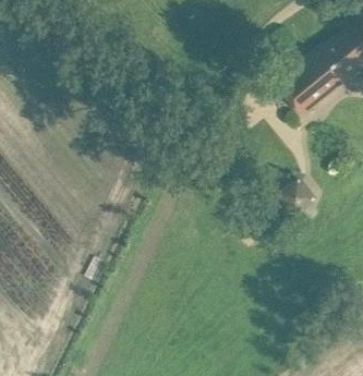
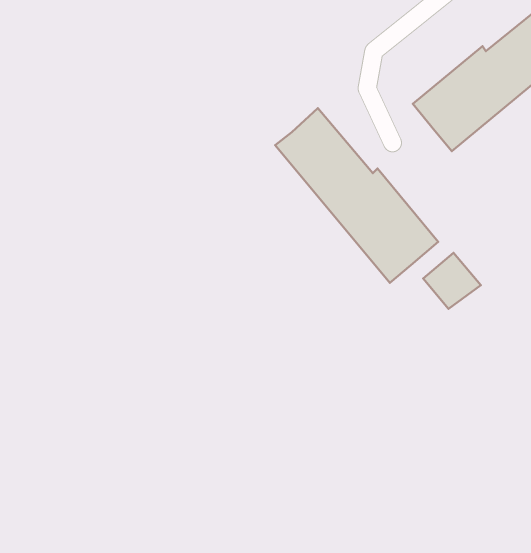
building: none -> [275,108,438,283]

